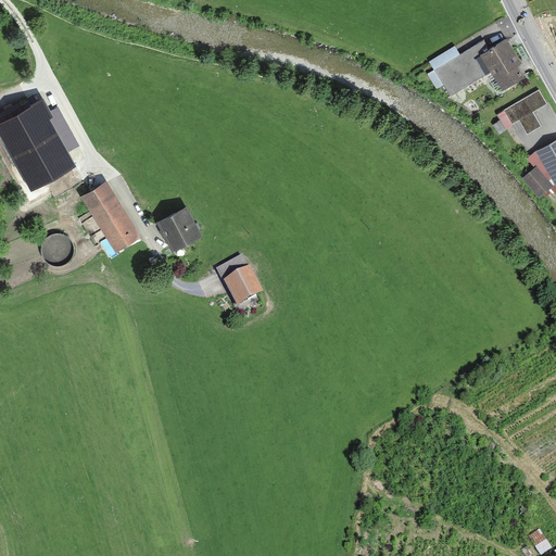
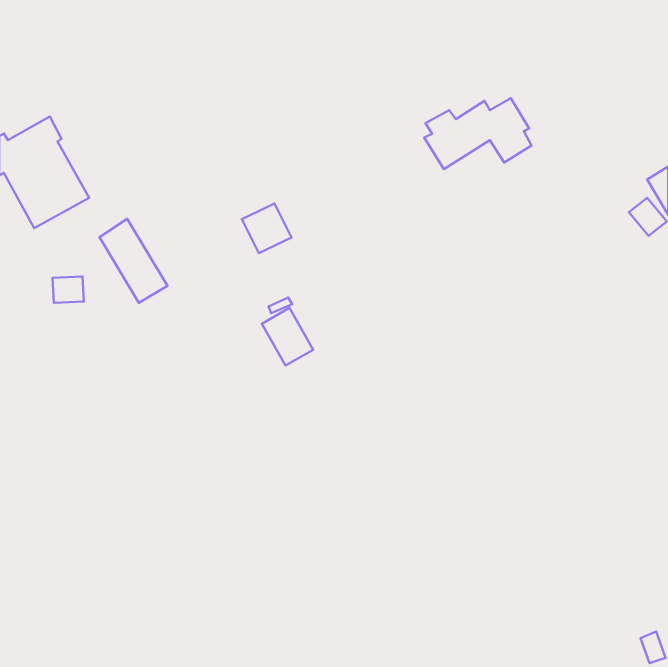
building: [434,37,523,96] -> [424,98,532,169]
building: [497,90,546,134] -> none
building: [159,211,200,252] -> [242,203,291,253]

